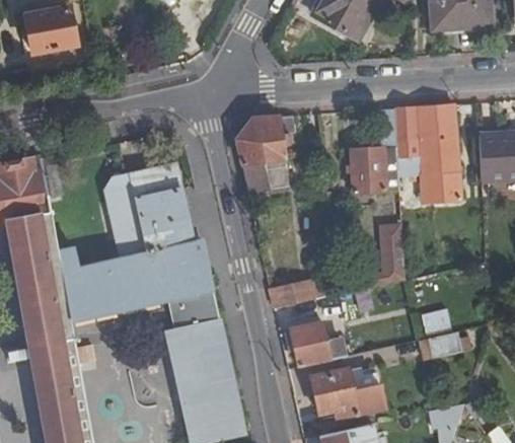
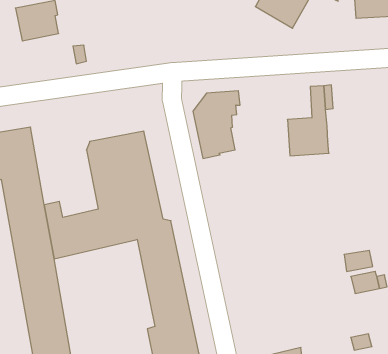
building: [397,105,462,203] -> none
building: [372,225,407,287] -> none
building: [270,279,322,309] -> none
building: [289,321,344,366] -> none
building: [310,368,382,418] -> none

